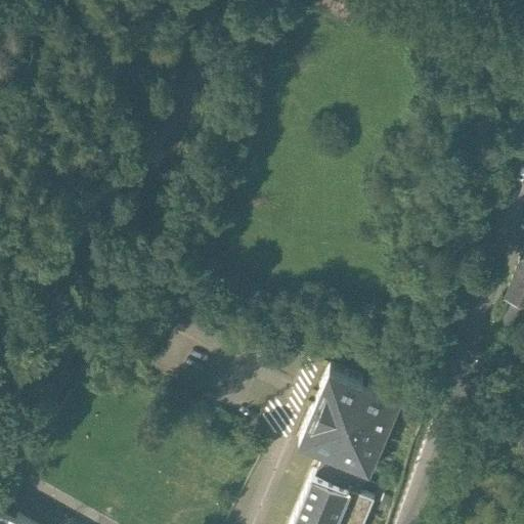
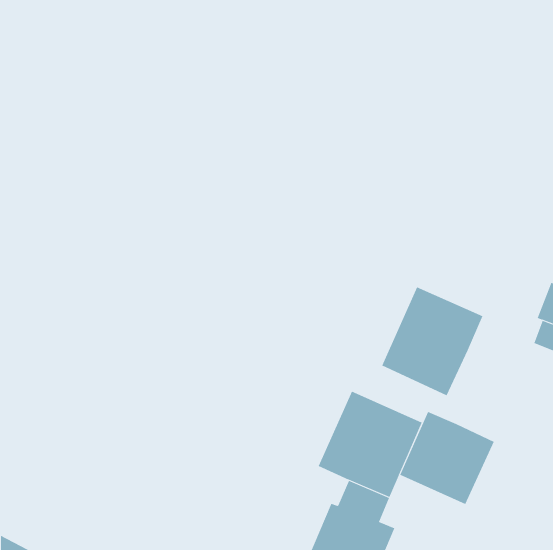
building: none -> [381,287,483,396]
building: none -> [399,411,494,505]

